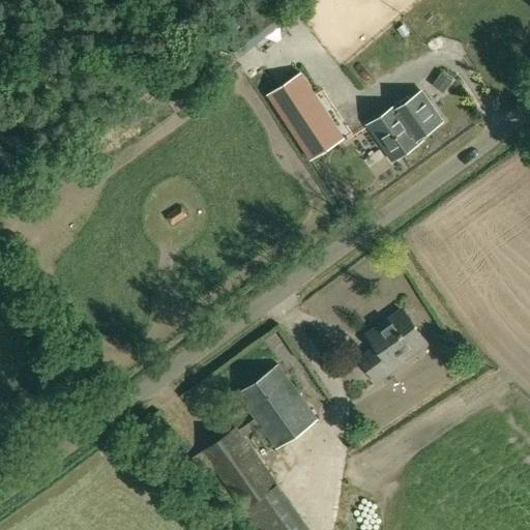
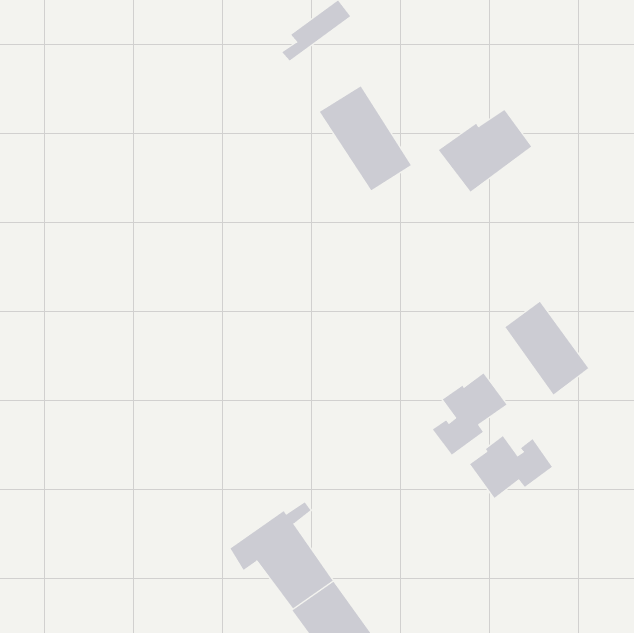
building: none -> [505,301,589,396]
building: none -> [469,435,553,499]
building: [237,364,318,449] -> none

